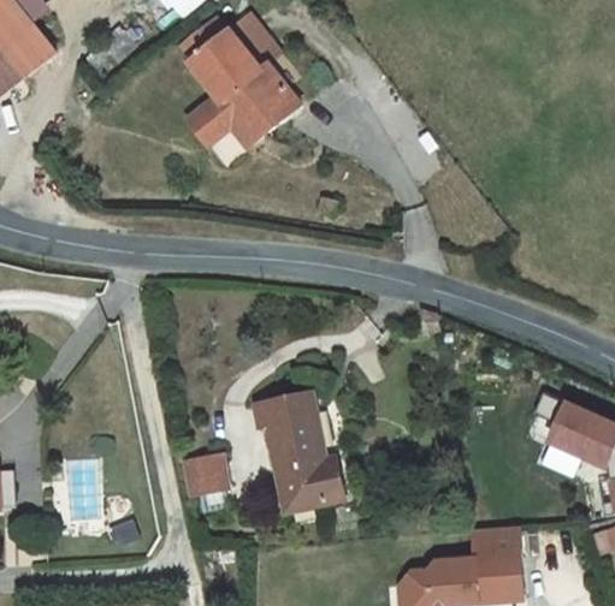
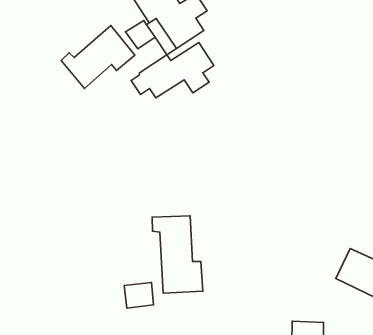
building: none -> [61,25,135,89]
building: none -> [131,43,214,98]
building: [183,452,229,493] -> [124,282,154,308]

